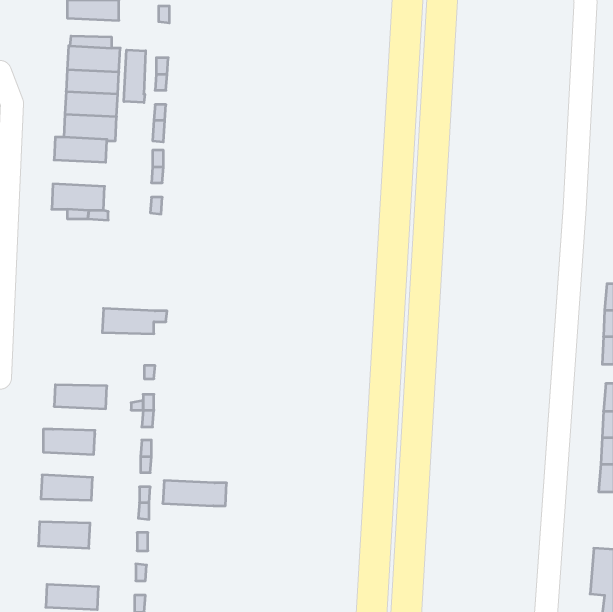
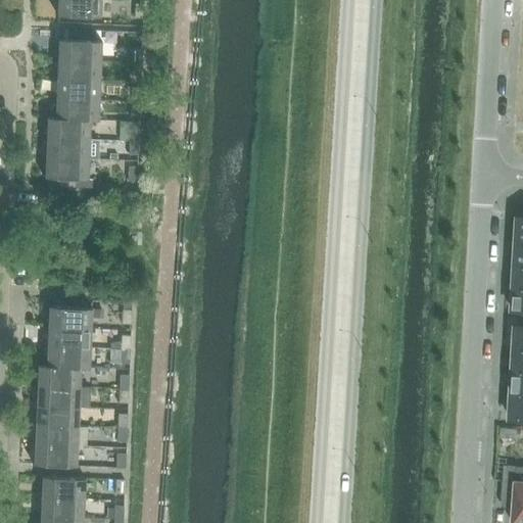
building: [124,50,146,103] -> none
building: none -> [46,138,91,160]
building: [102,308,167,334] -> [48,308,103,330]
building: none -> [46,347,91,371]
building: [163,481,227,506] -> [37,386,91,408]
building: none -> [35,426,79,446]
building: none -> [41,478,85,501]

